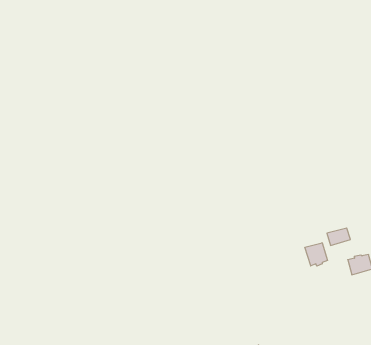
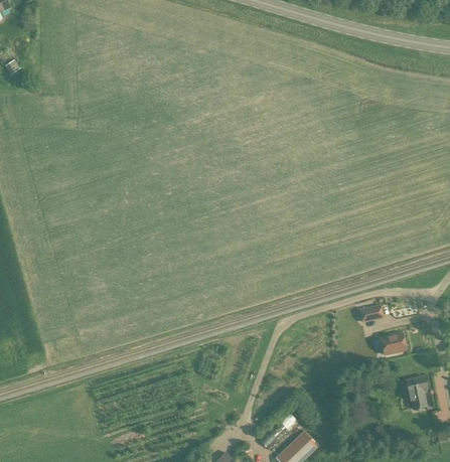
building: [305,243,327,266] -> none

